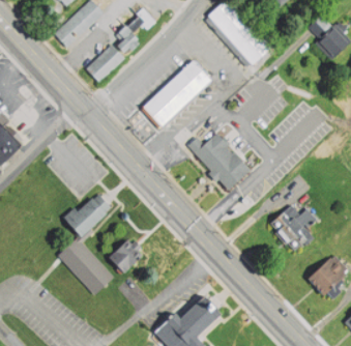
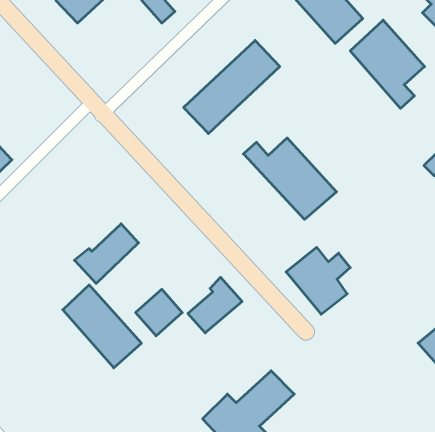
building: [85,44,124,81] -> none
building: none -> [350,20,425,108]
building: [269,204,315,252] -> [286,247,350,314]
building: none -> [188,277,242,333]

